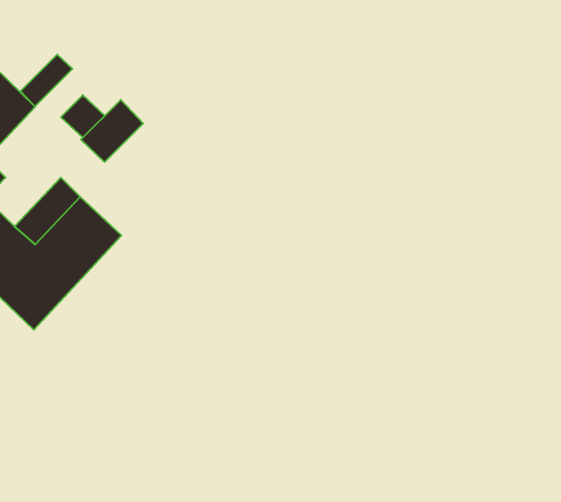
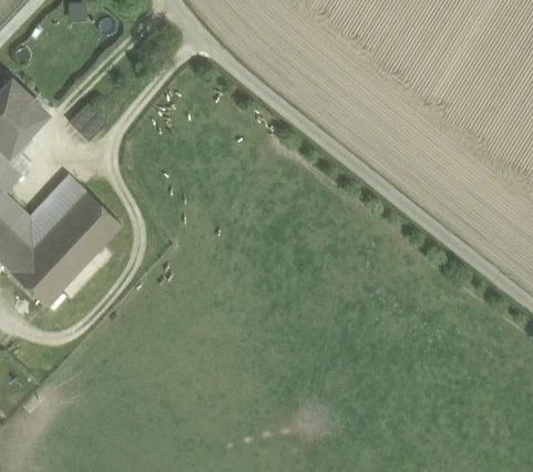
building: [21,54,72,106] -> none
building: [81,100,143,162] -> none

